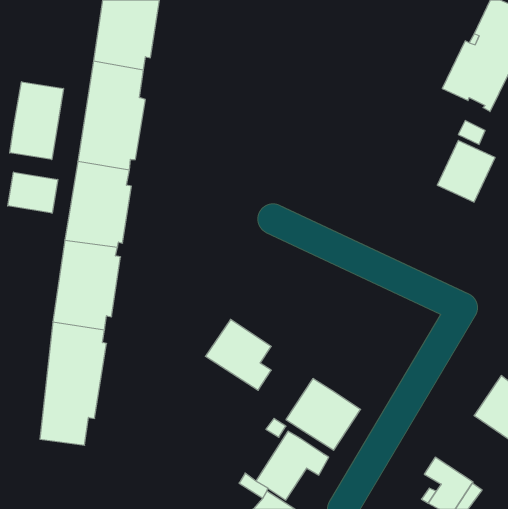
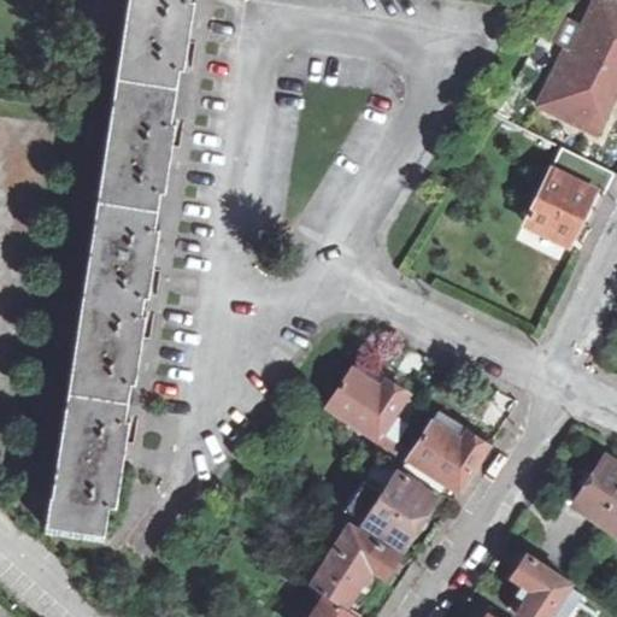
building: [10,82,63,160] -> none
building: [8,172,58,213] -> none
building: [205,319,271,390] -> [334,357,413,442]
building: none -> [406,413,490,500]

